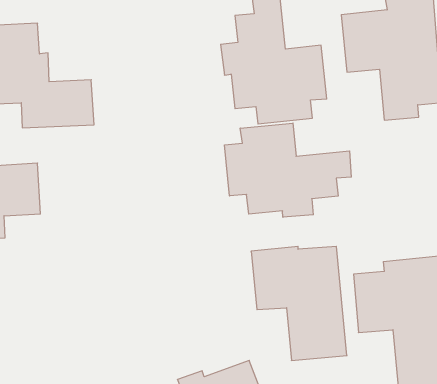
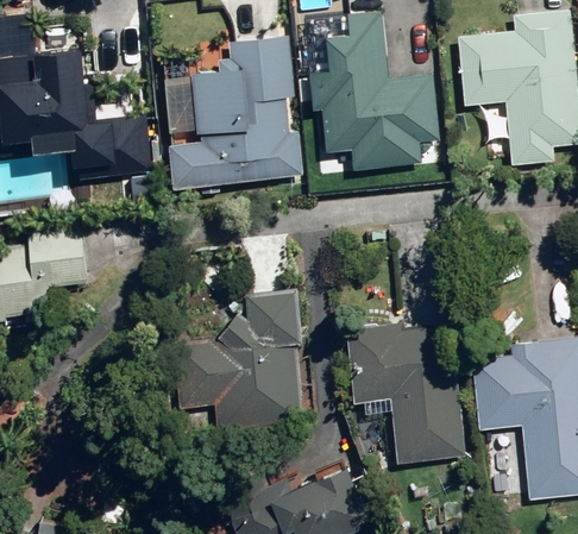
building: none -> [164,37,302,187]
building: [225,123,351,217] -> none
building: none -> [175,289,306,433]

